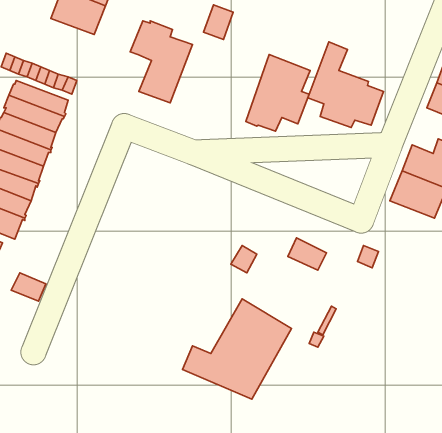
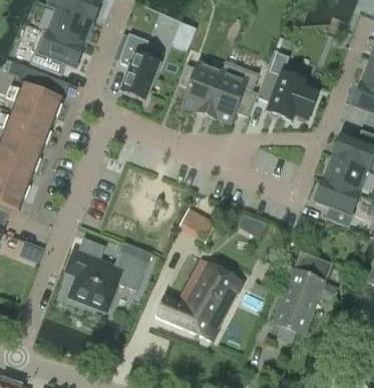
building: none -> [29,29,83,74]
building: none -> [178,63,221,115]
building: none -> [314,179,358,228]
building: none -> [68,242,150,311]
building: none -> [273,252,337,340]

